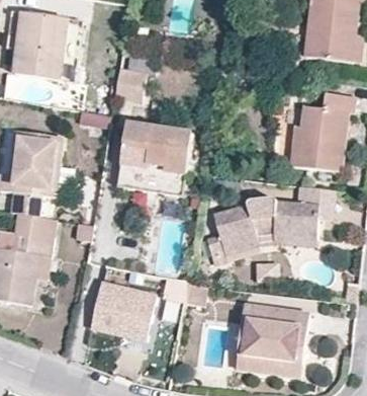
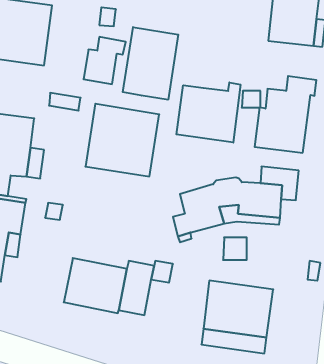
building: none -> [123,27,178,100]
building: none -> [176,82,240,143]

